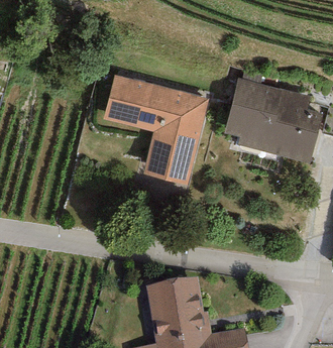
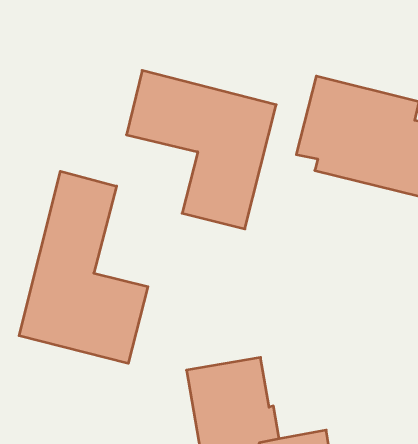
building: none -> [19,171,148,363]

